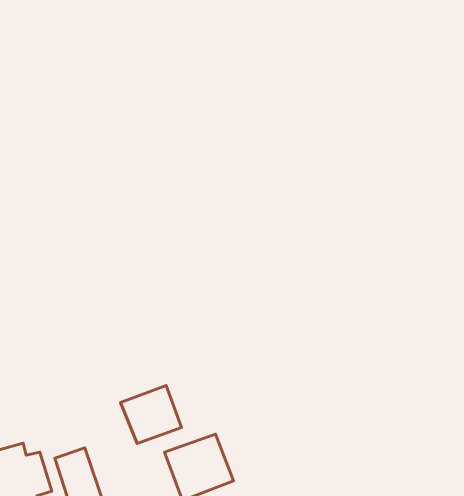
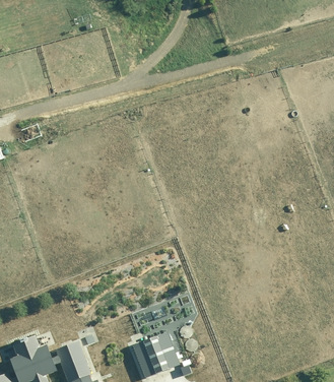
building: [121,385,182,444] -> none

